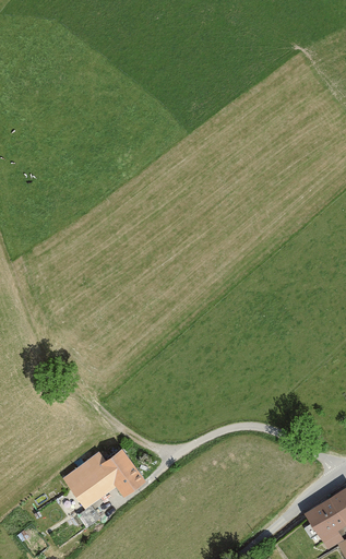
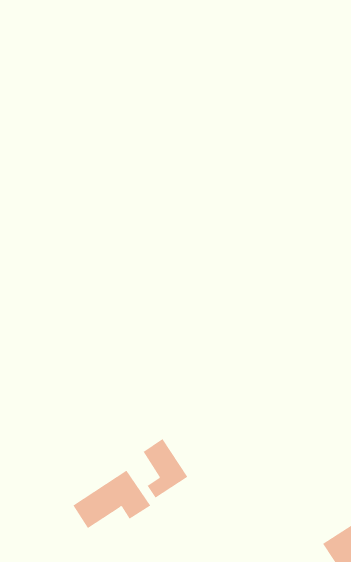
building: none -> [143,438,188,498]

